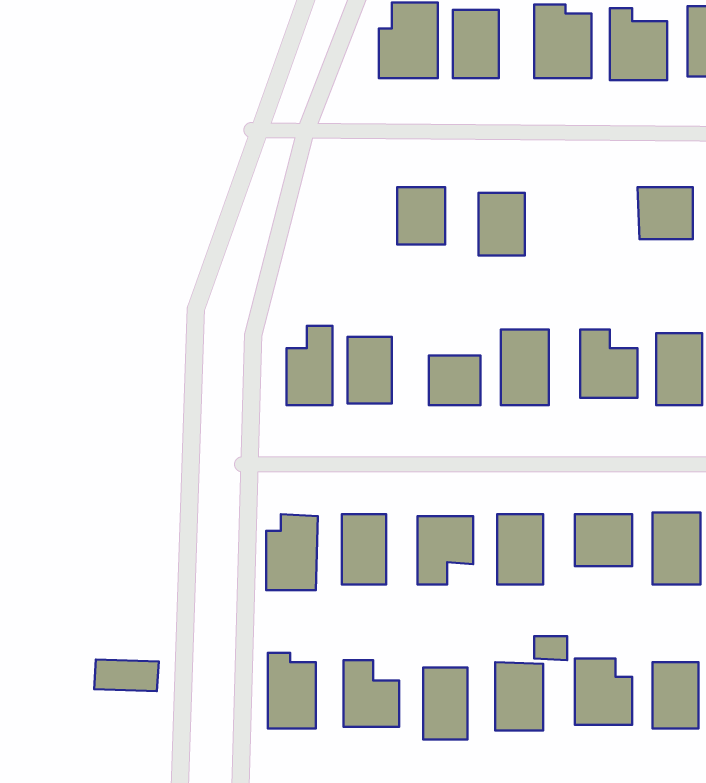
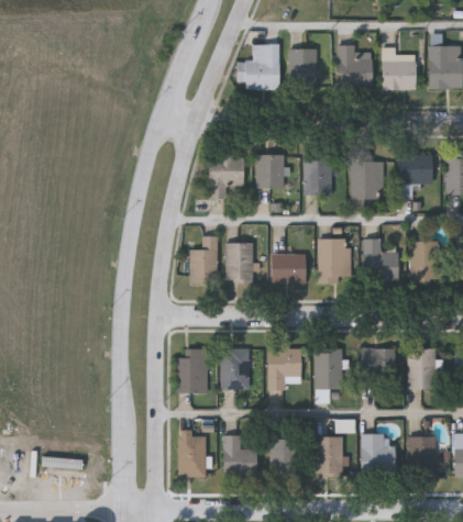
building: none -> [208,155,243,199]
building: none -> [351,160,384,199]
building: [94,660,159,691] -> [45,459,84,478]

